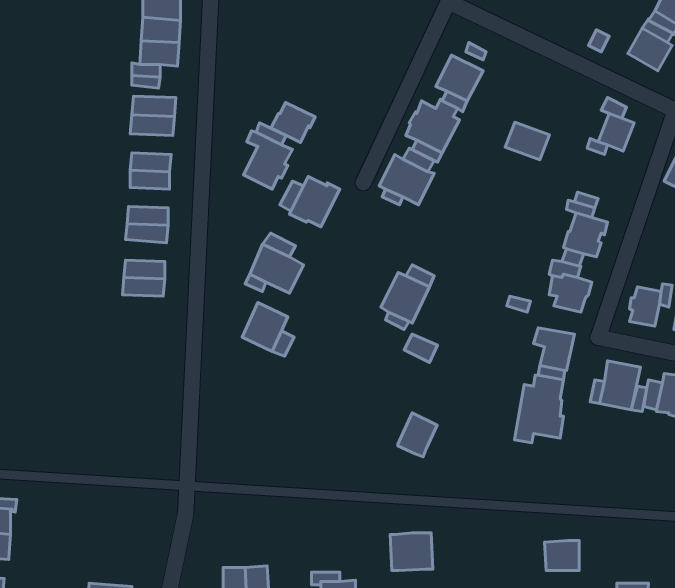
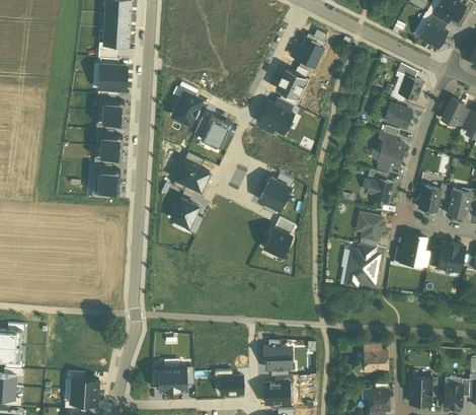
building: [271,103,315,142] -> none
building: [505,122,549,160] -> [383,103,411,128]
building: [398,413,437,457] -> [264,227,290,256]

